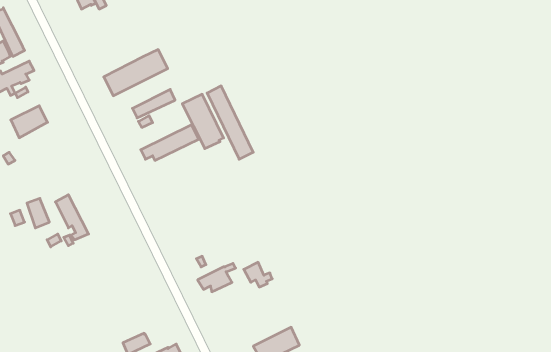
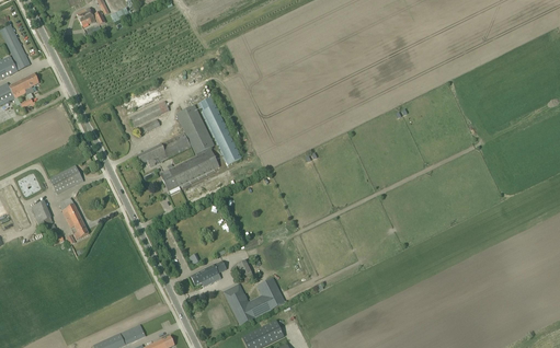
building: [104,50,168,96] -> [160,148,219,190]
building: [11,106,48,138] -> [49,164,83,194]
building: none -> [227,278,285,324]

